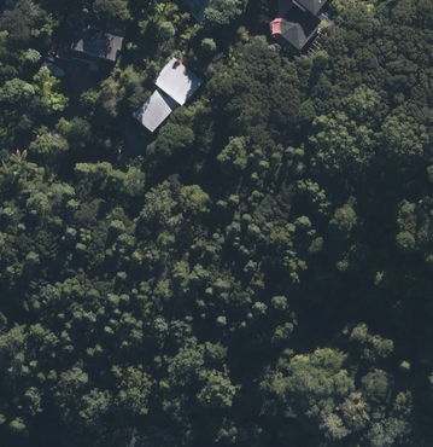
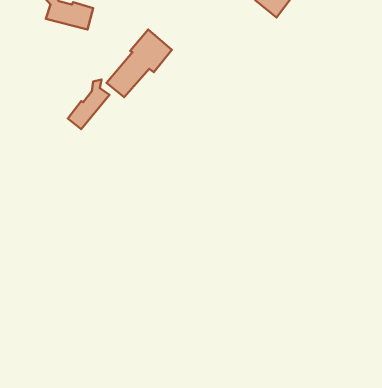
building: none -> [68,79,109,129]

